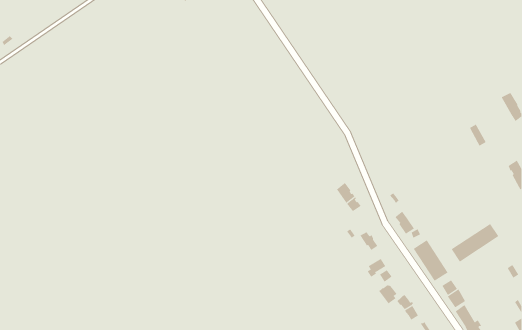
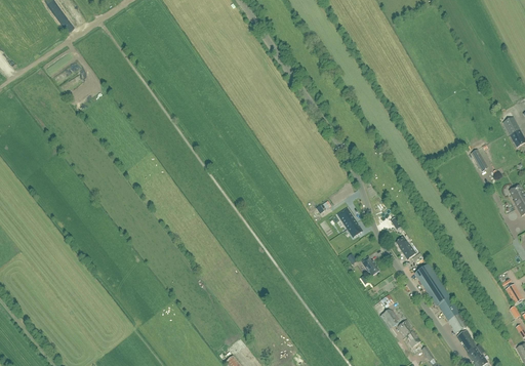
building: [451,223,499,262] -> none

